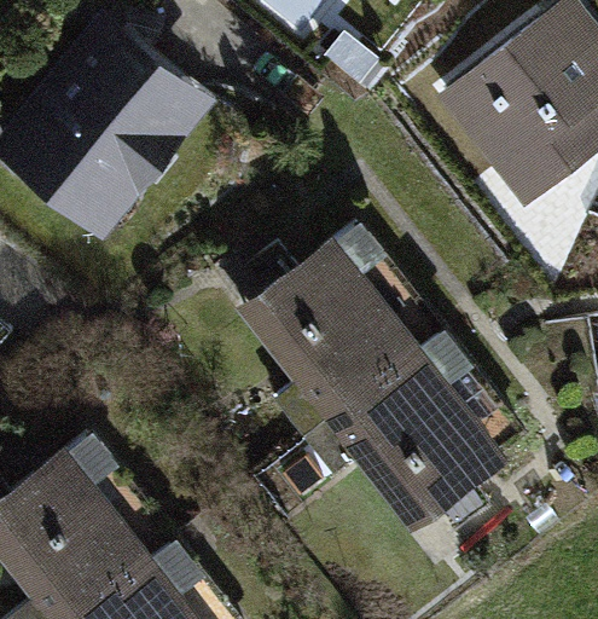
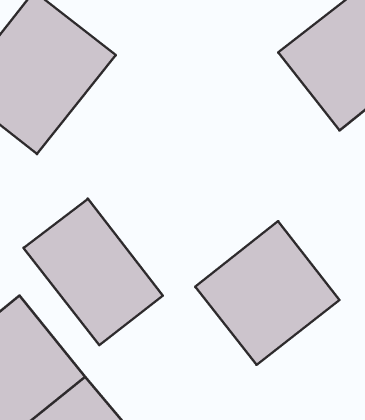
building: [239,225,439,423] -> none
building: none -> [24,199,163,345]

